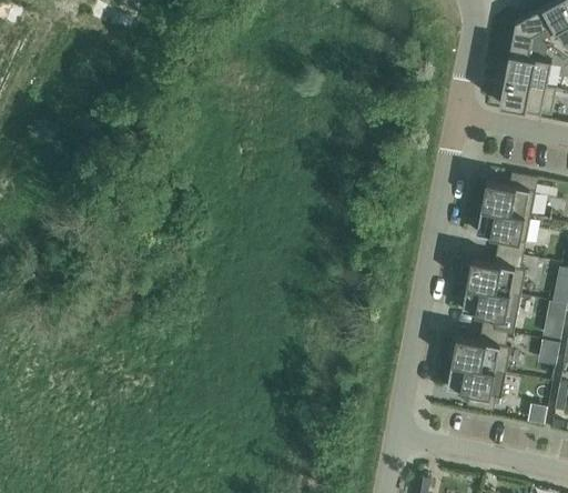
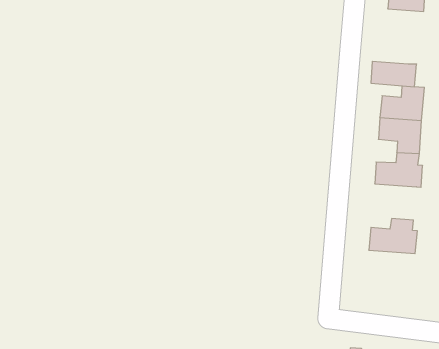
building: [500,82,557,118] -> [371,61,417,87]
building: [462,288,516,335] -> none
building: [447,365,506,413] -> none

